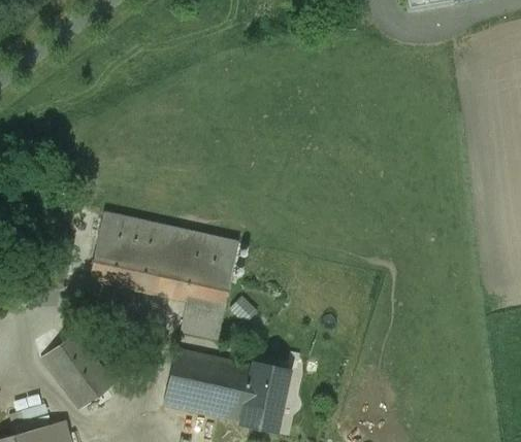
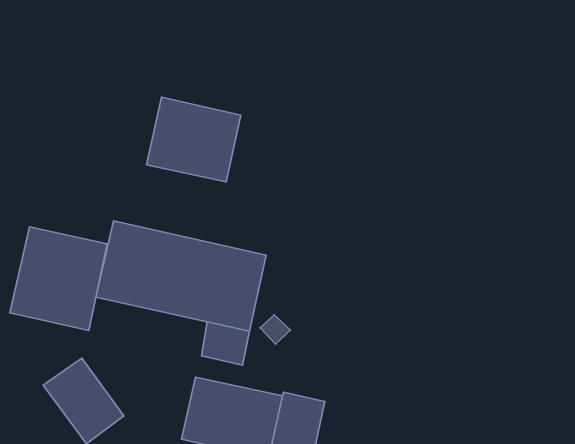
building: none -> [147,97,241,182]
building: none -> [10,227,107,330]

